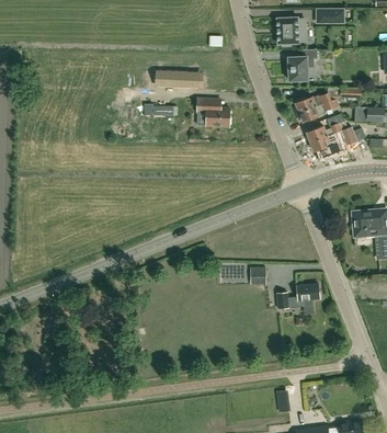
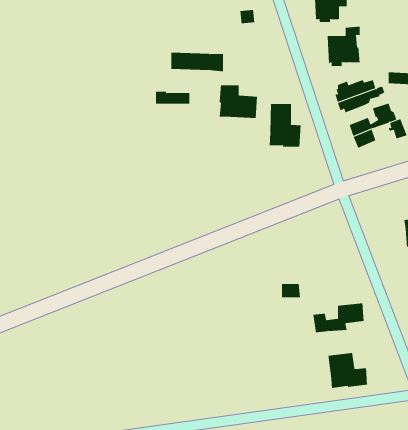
building: none -> [269,103,301,147]
building: none -> [328,352,367,389]

